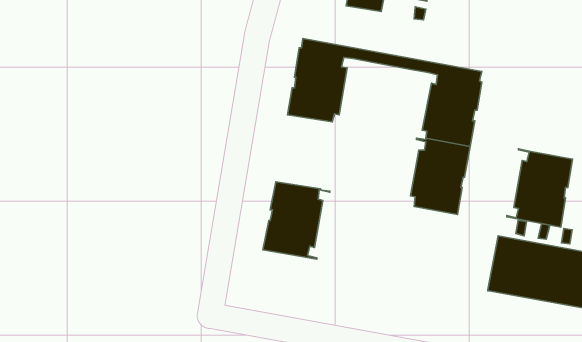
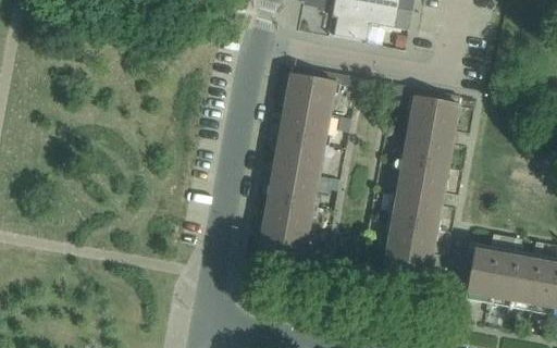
building: none -> [268,135,329,203]
building: [507,149,573,227] -> [375,217,436,290]

